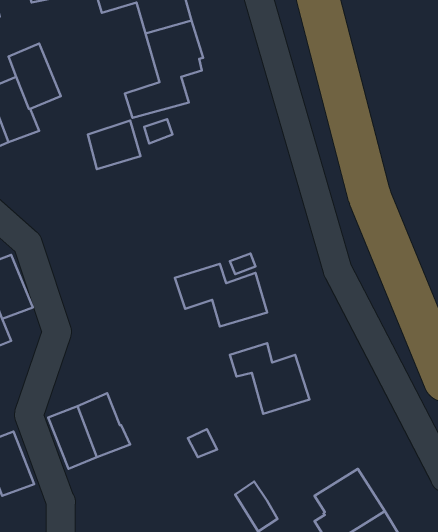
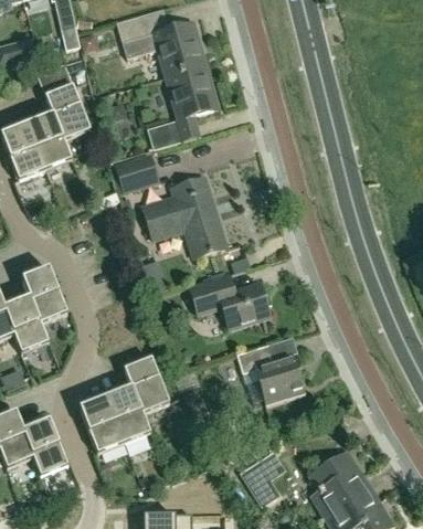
building: none -> [142,177,225,255]
building: none -> [124,357,170,413]

